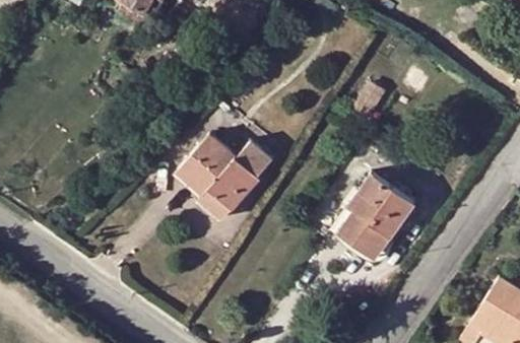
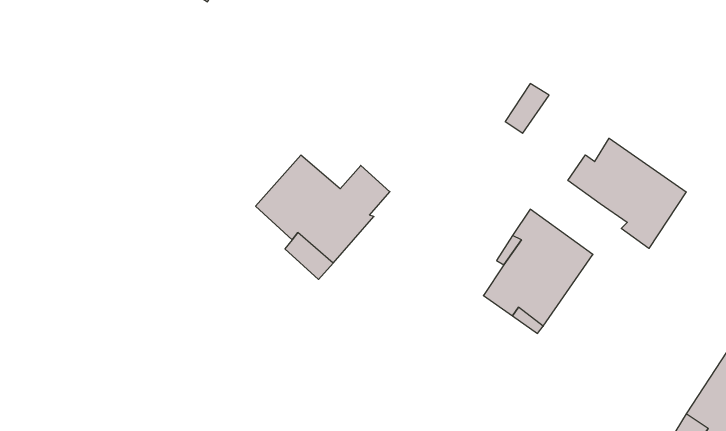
building: none -> [568,138,686,248]

